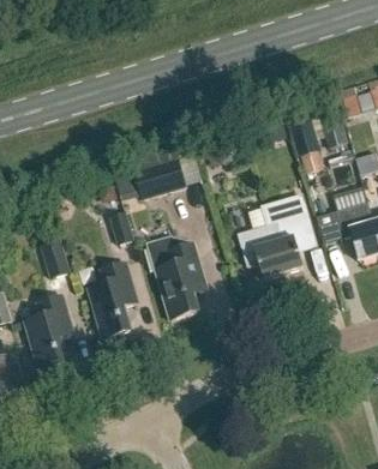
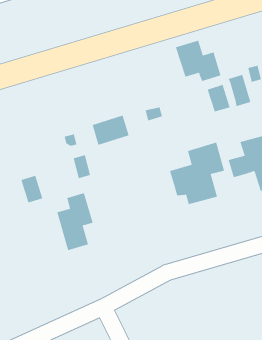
building: none -> [175,40,221,82]
building: [149,235,208,319] -> none
building: [25,294,74,372] -> none

